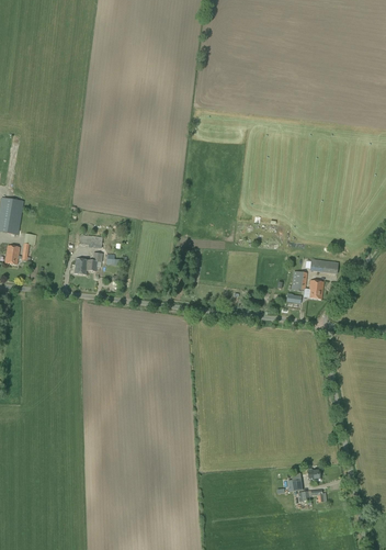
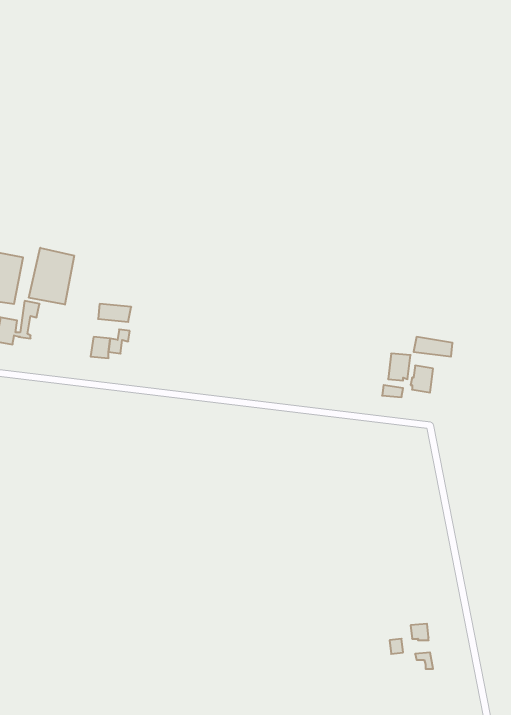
building: none -> [29,248,74,305]

